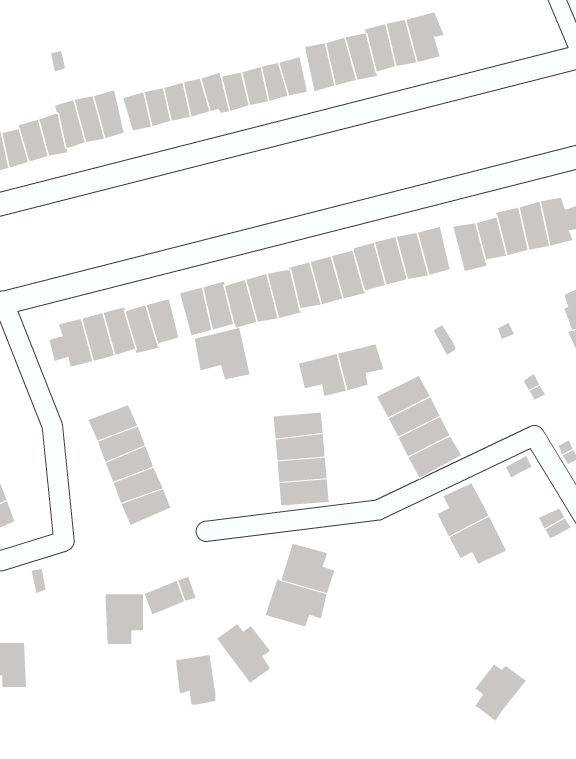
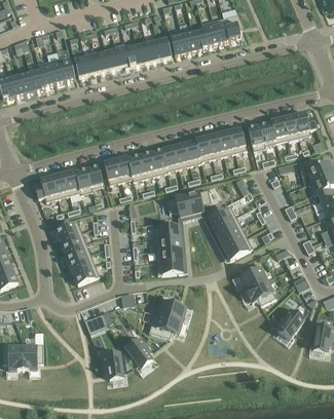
building: [194,327,250,380] -> none
building: [105,594,144,645] -> [23,342,43,369]
building: [474,663,527,722] -> [279,307,306,338]

